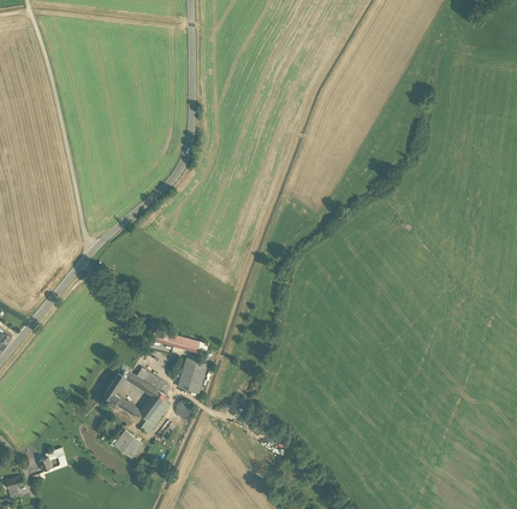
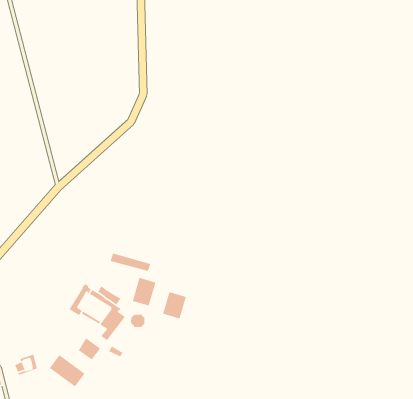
building: none -> [162,291,187,319]
building: none -> [49,354,85,387]

